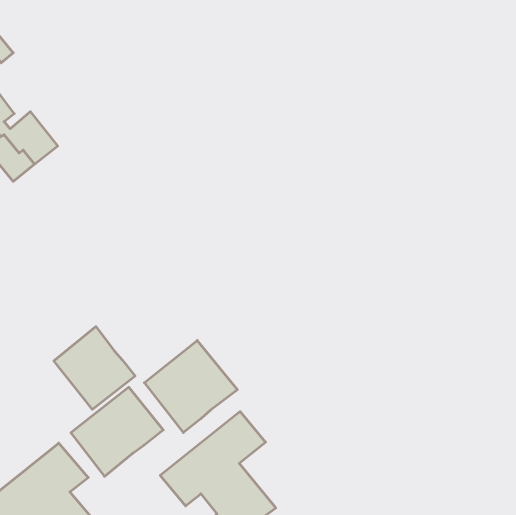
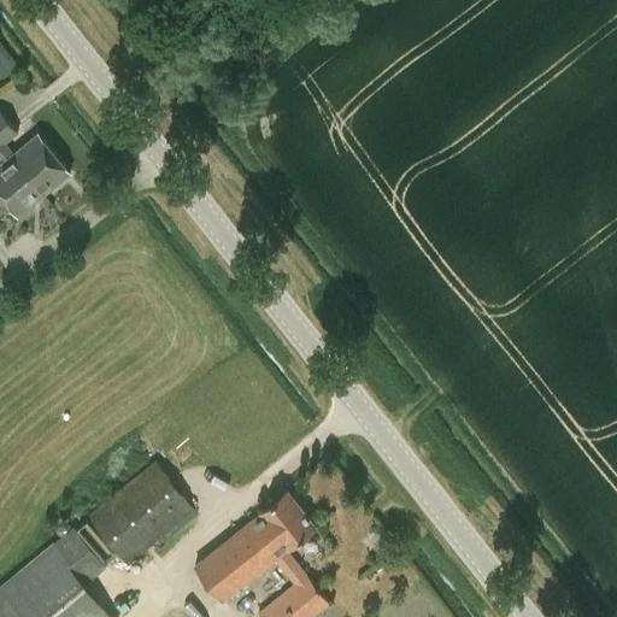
building: [54,327,135,409] -> none
building: [144,340,237,433] -> none

